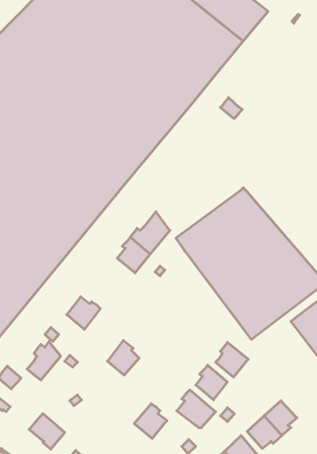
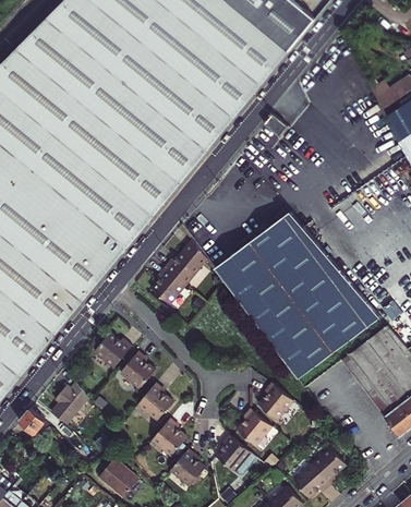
building: none -> [119,351,154,389]
building: none -> [152,417,188,456]
building: [29,414,65,449] -> [98,459,137,498]

